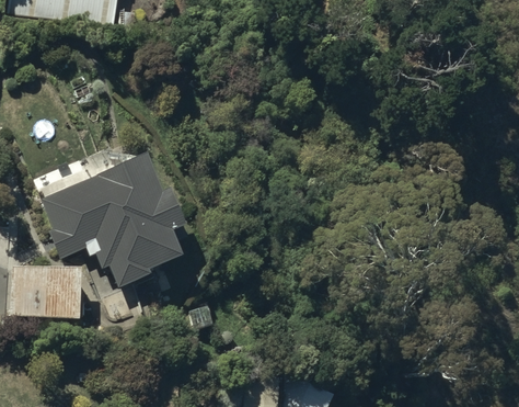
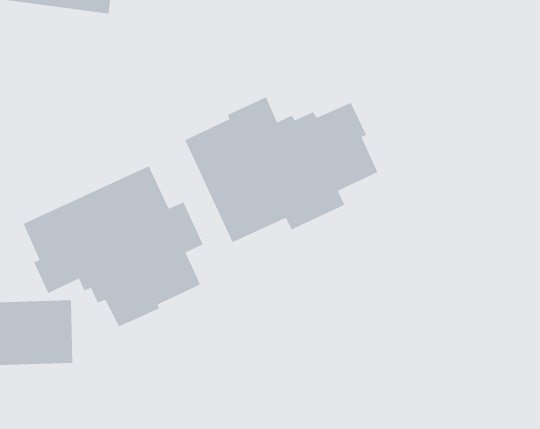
building: none -> [184,96,379,243]

